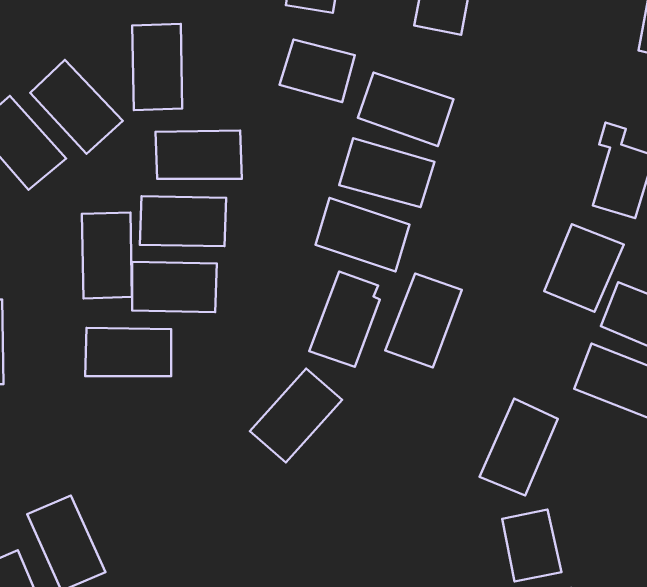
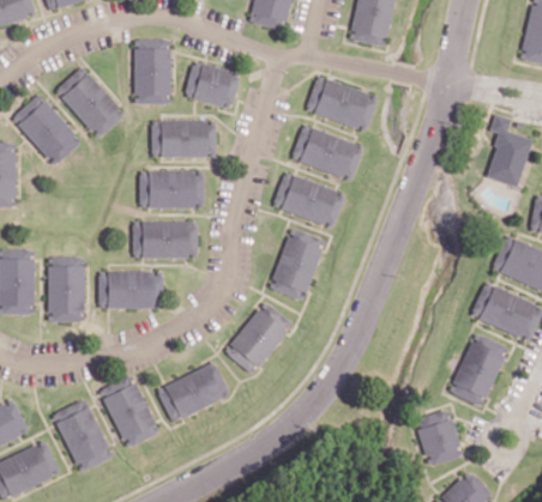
building: [279,40,355,102] -> [183,61,241,109]
building: [82,212,132,299] -> [47,256,85,322]
building: [544,224,624,312] -> none
building: [385,274,462,368] -> none
building: [480,399,558,496] -> [448,332,508,406]
building: none -> [156,362,230,422]
building: none -> [100,374,158,448]

